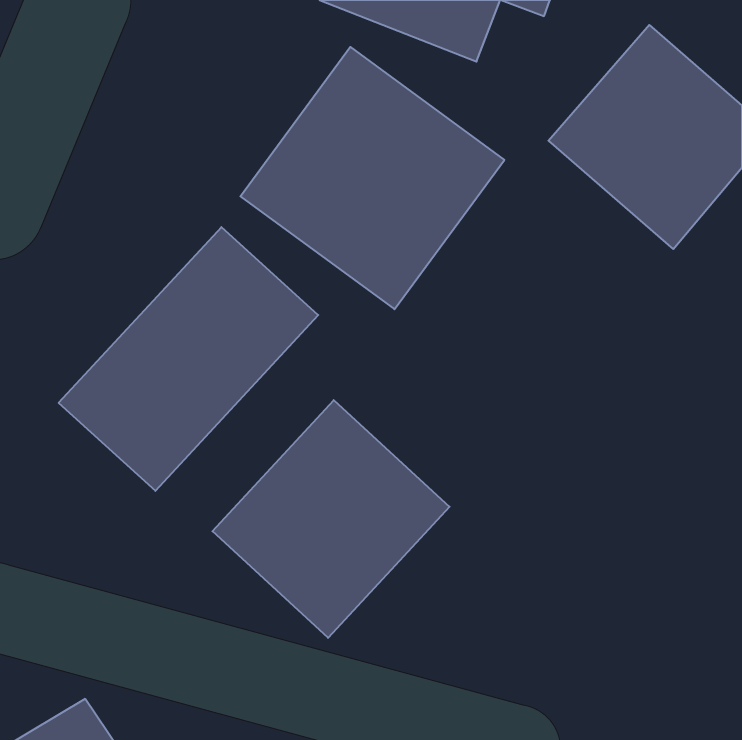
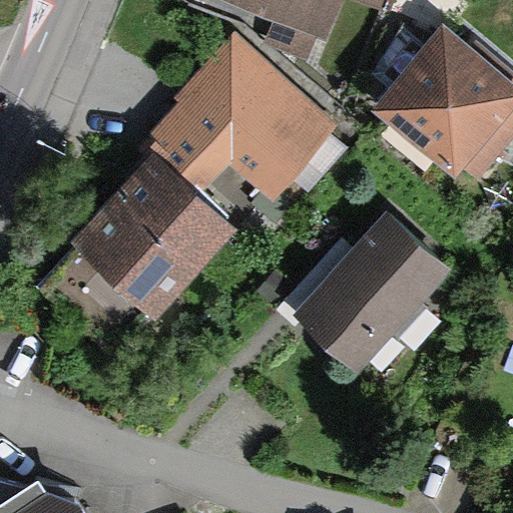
building: none -> [299,206,446,357]
building: [212,400,450,638] -> none

